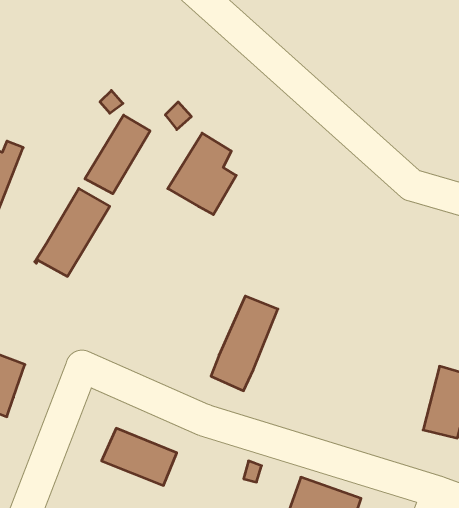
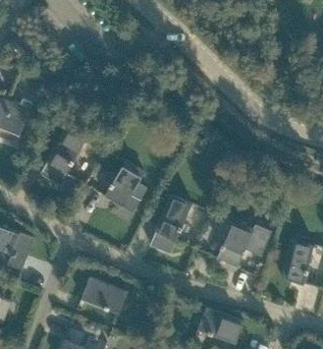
building: [85,115,150,194] -> none
building: [168,133,236,215] -> [104,162,147,213]
building: none -> [217,222,269,268]

